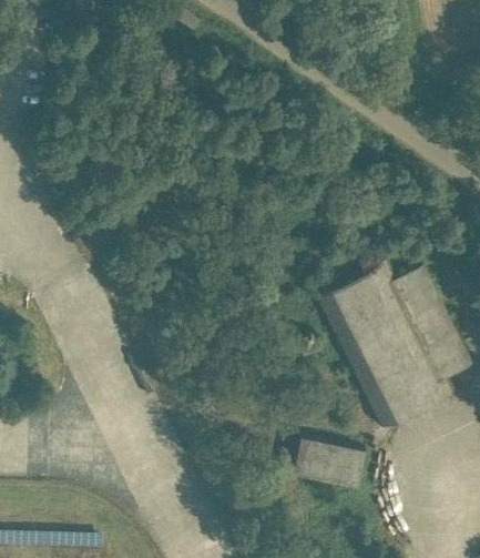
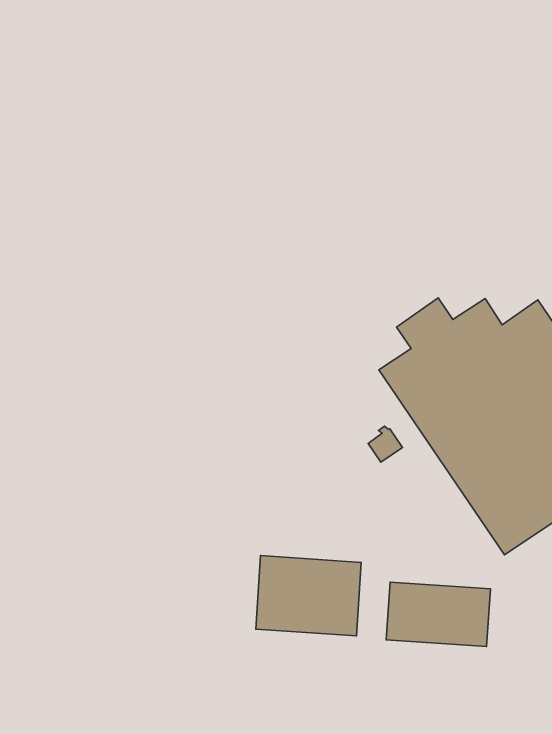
building: none -> [256,556,361,636]

